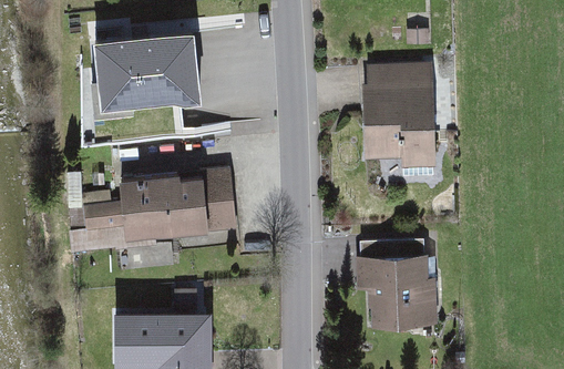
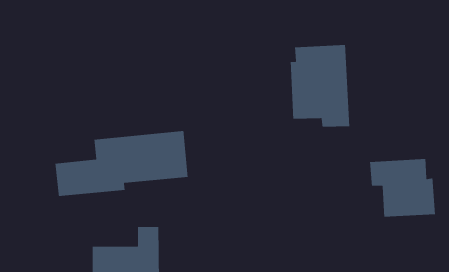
building: [89,32,196,111] -> none
building: [356,254,439,328] -> [369,158,436,218]

